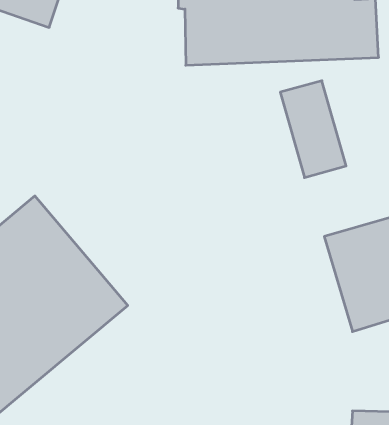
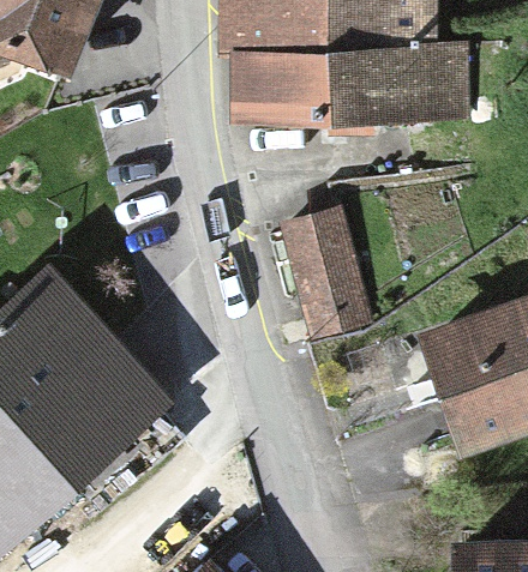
building: [280,81,346,178] -> [278,215,360,335]

